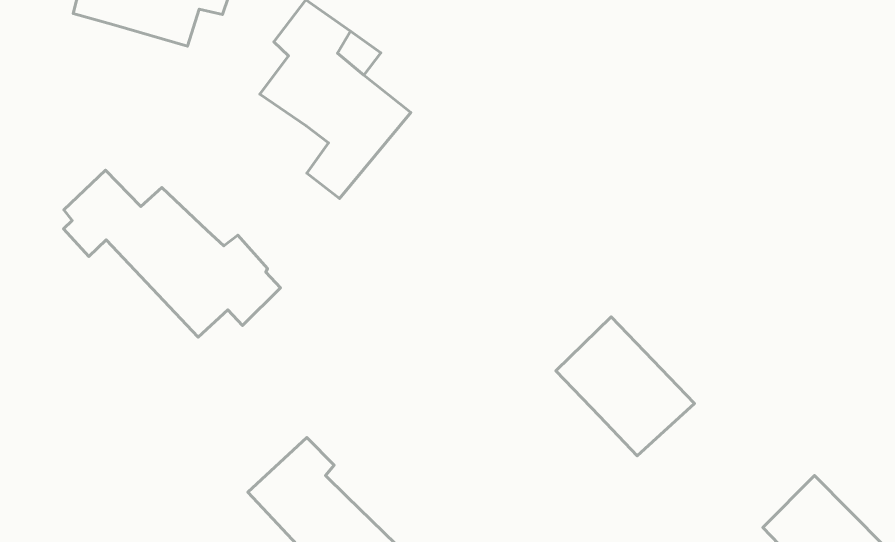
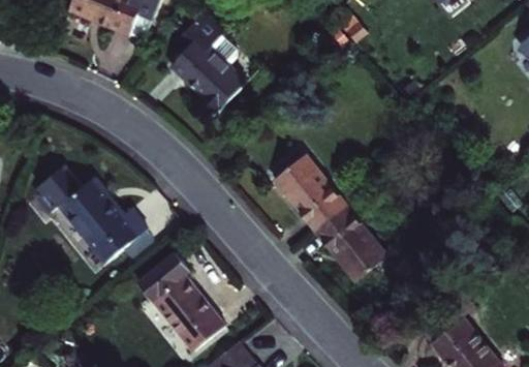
building: [64,170,281,337] -> [34,164,150,261]
building: none -> [272,152,346,232]

